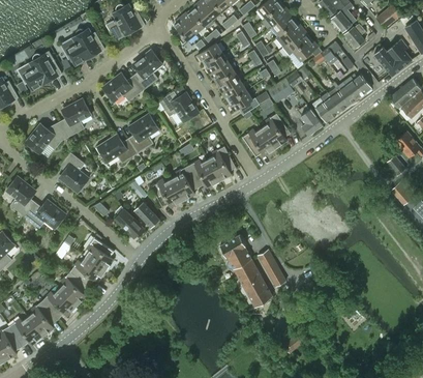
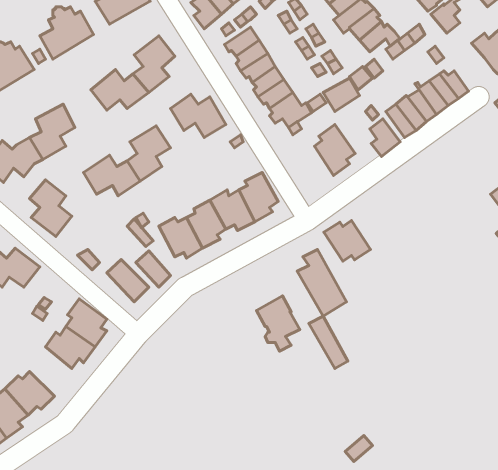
building: [242,127,275,156] -> [324,221,370,261]
building: [237,258,272,306] -> [297,249,346,316]
building: [59,270,89,306] -> none

